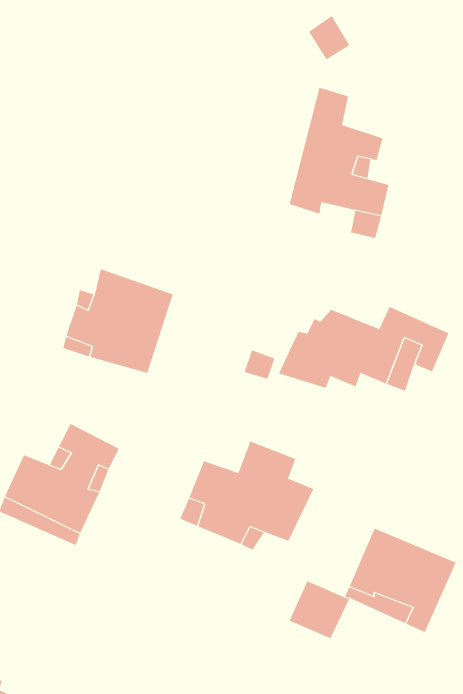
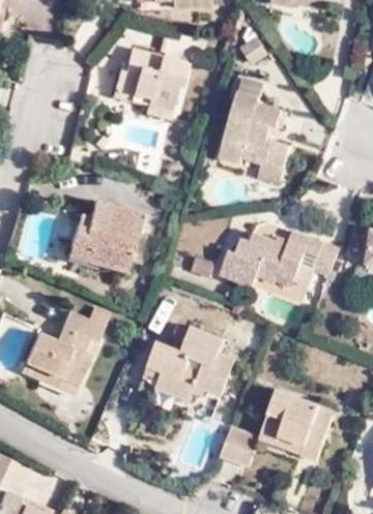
building: none -> [111,40,195,122]

